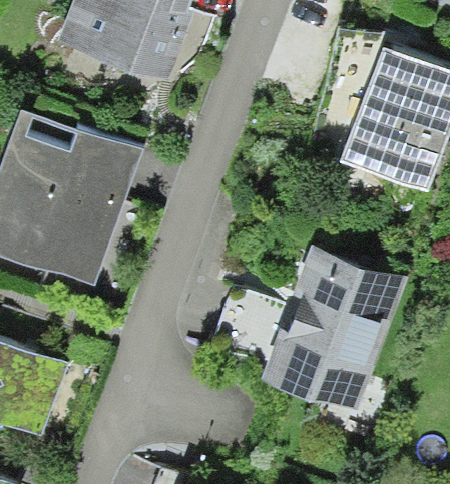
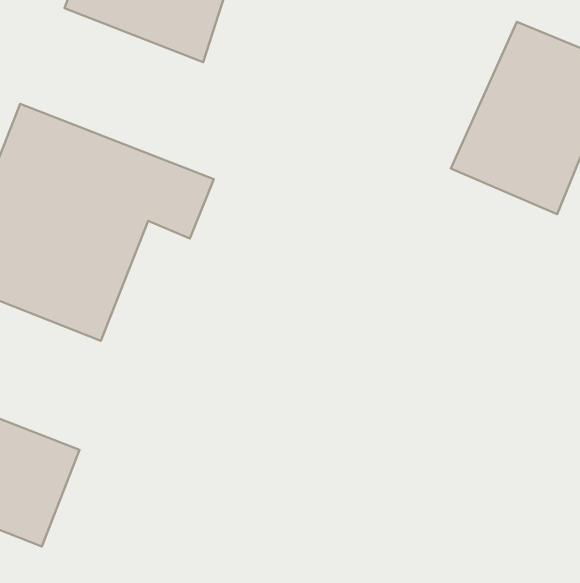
building: [257,240,406,414] -> none

